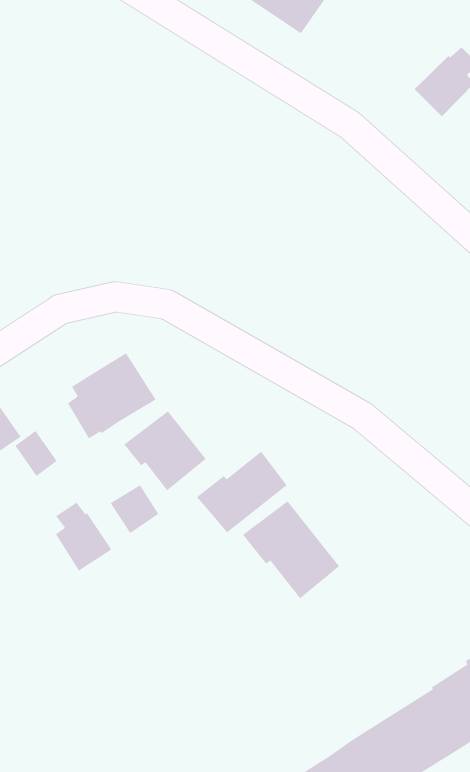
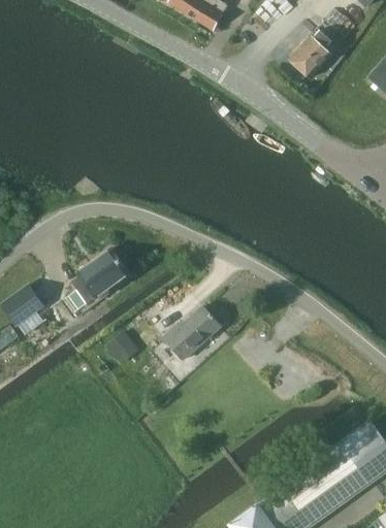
building: [123,411,206,491] -> none
building: [242,501,340,599] -> none
building: [55,502,112,571] -> none

